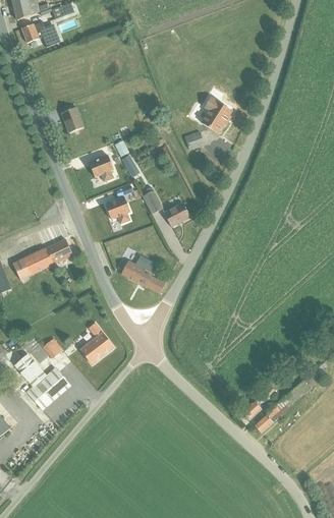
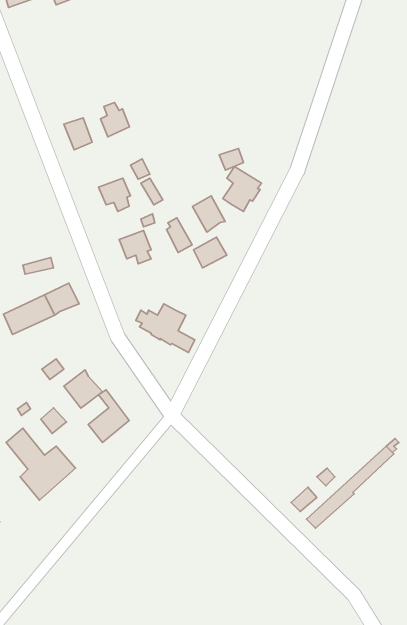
building: [21,21,59,46] -> none
building: none -> [101,102,130,137]
building: [201,97,231,132] -> [223,167,261,211]
building: none -> [193,196,225,232]
building: none -> [64,370,102,408]

